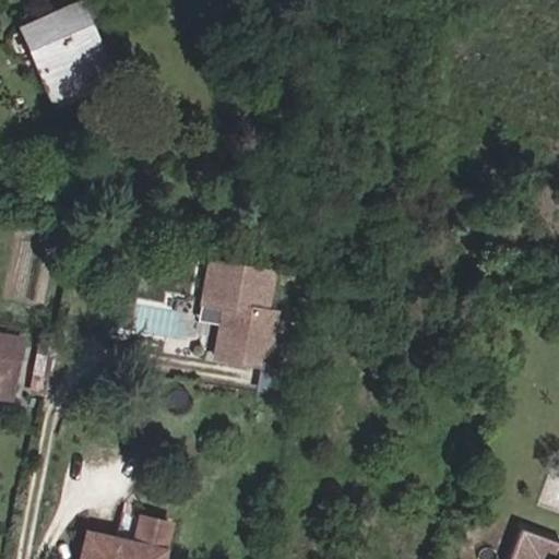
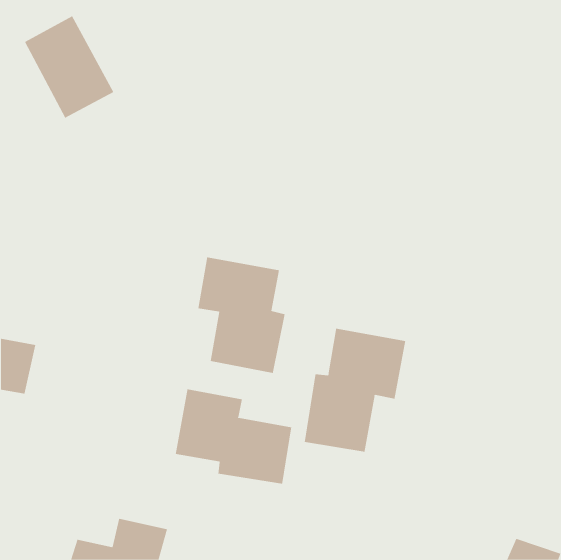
building: none -> [304,328,406,452]
building: none -> [175,388,292,484]

